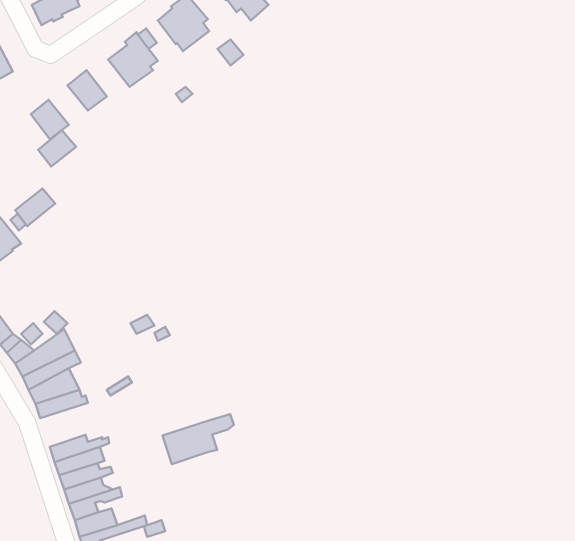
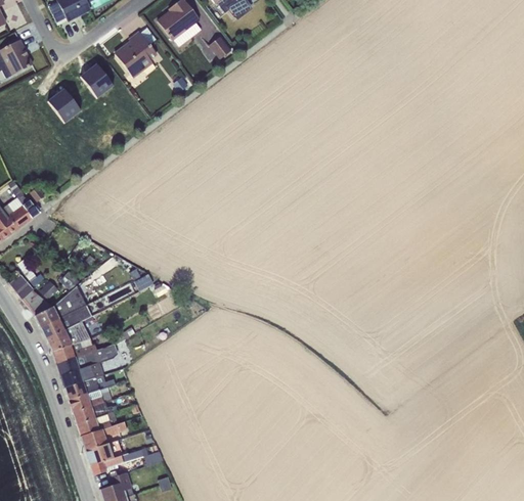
building: [38,130,76,166] -> none
building: [15,189,55,226] -> none
building: [162,414,234,464] -> [55,344,117,386]

